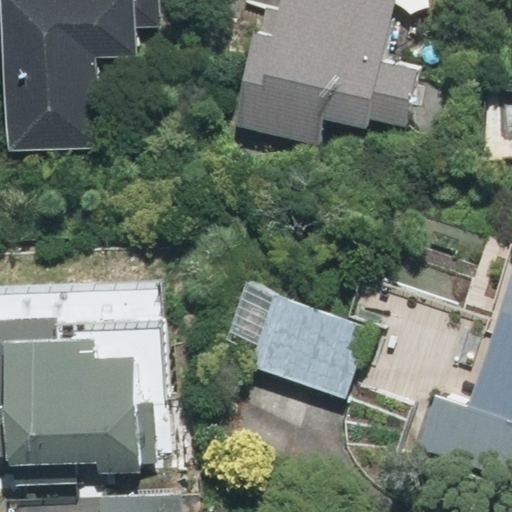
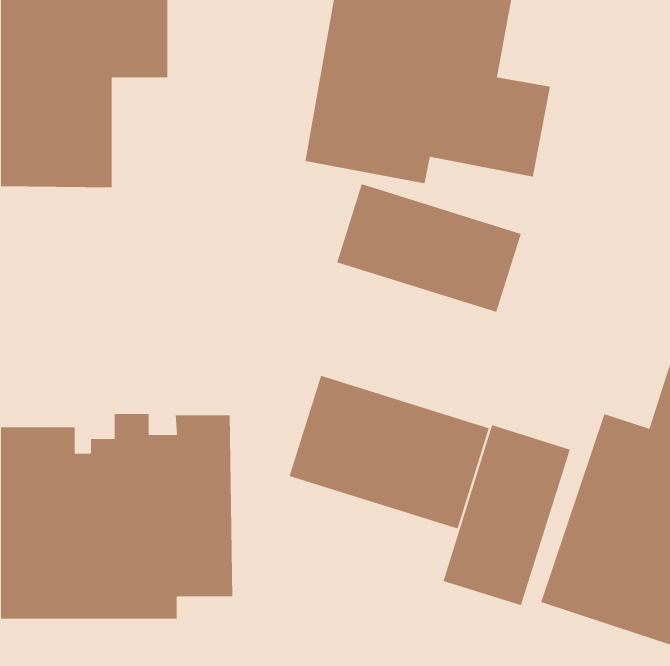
building: none -> [336,183,522,313]
building: none -> [442,424,571,606]

